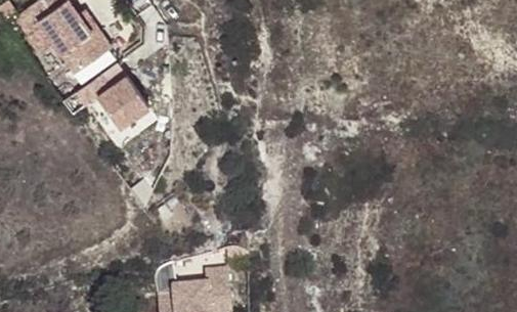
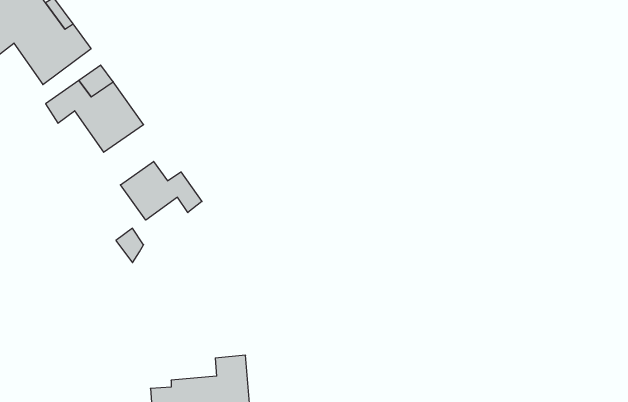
building: none -> [120,161,202,220]

